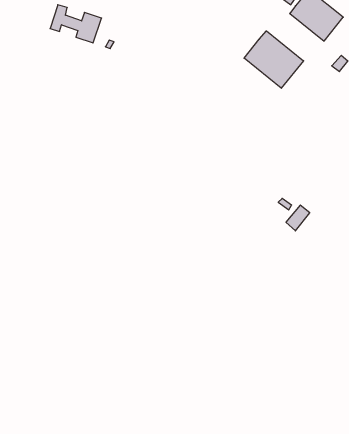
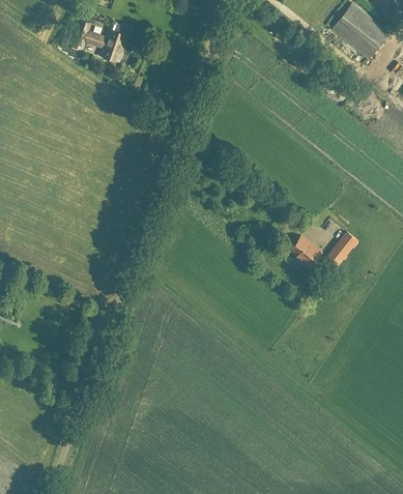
building: [244,31,304,88] -> none
building: none -> [290,235,322,266]

